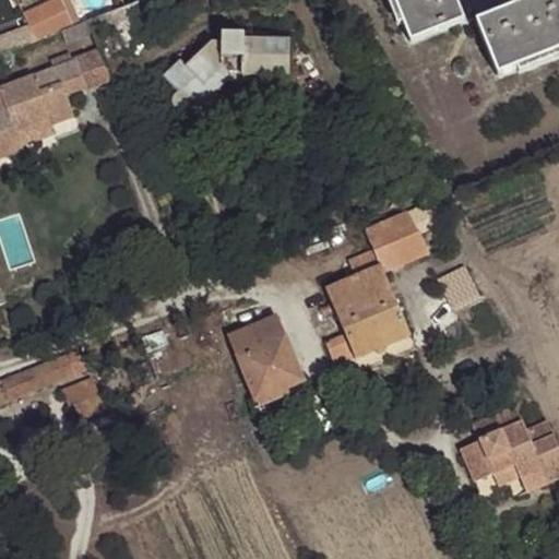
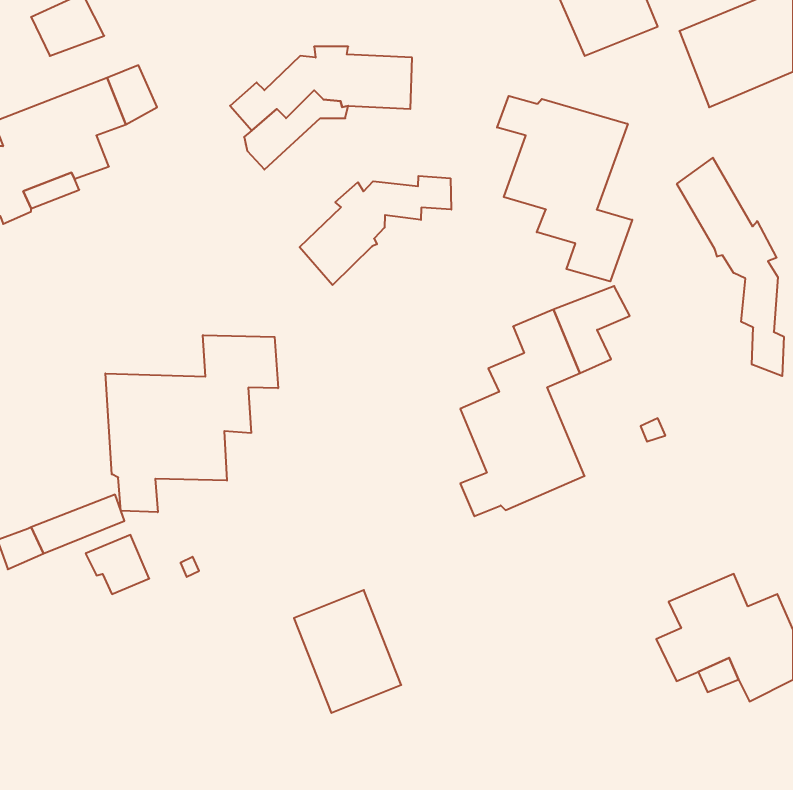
building: none -> [497,96,632,281]
building: none -> [677,158,784,376]
building: none -> [300,176,451,285]
building: none -> [105,335,278,512]
building: [227,313,302,400] -> [294,590,401,713]

